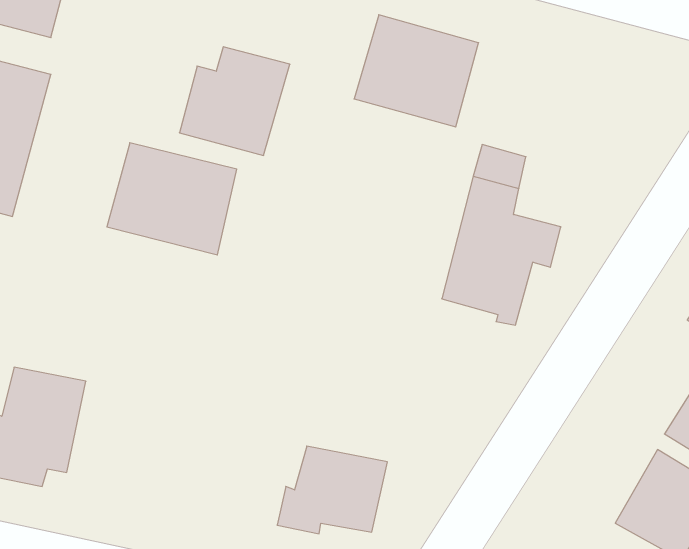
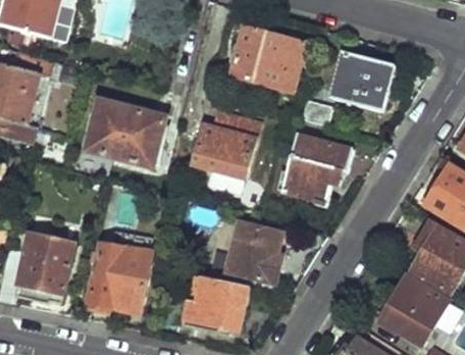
building: [179,47,290,155] -> [191,113,255,176]
building: none -> [330,52,393,111]
building: none -> [226,222,282,282]
building: none -> [91,242,152,311]

